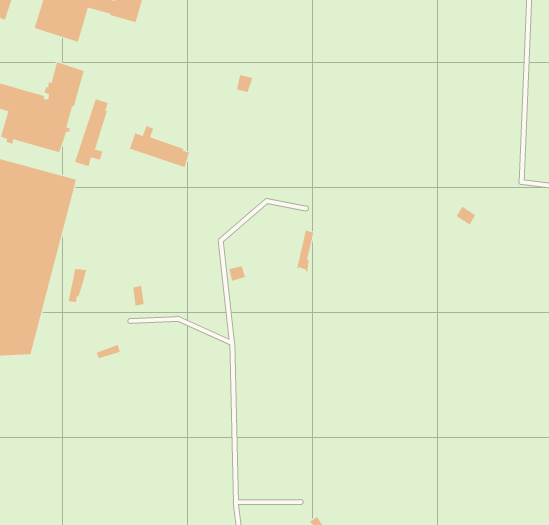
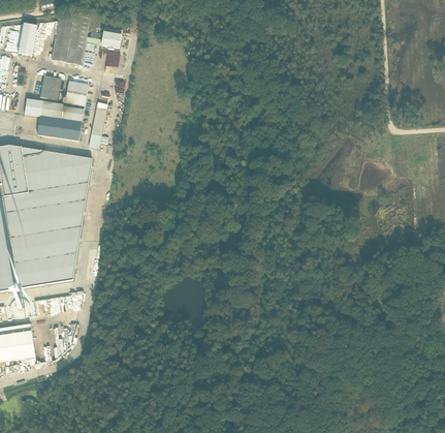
building: none -> [40,75,62,99]
building: [129,125,190,168] -> none

